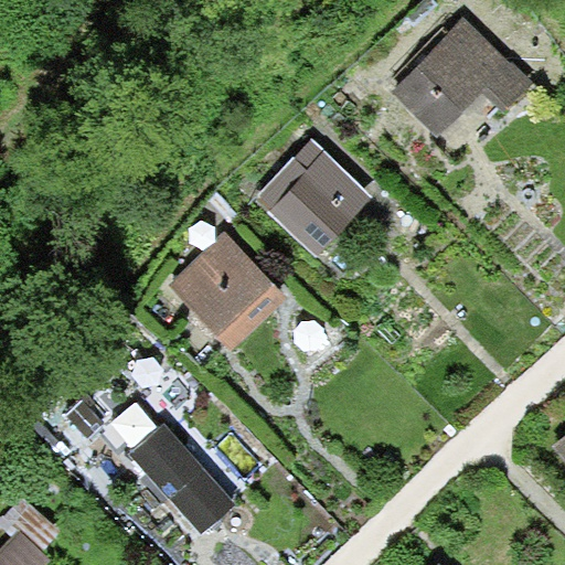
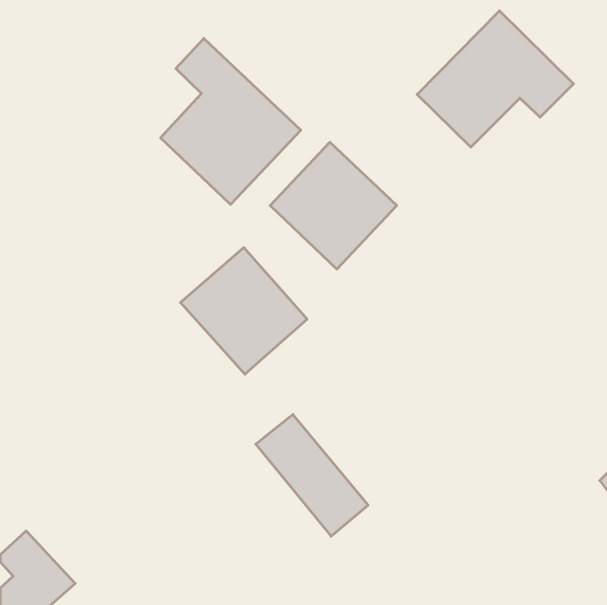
building: none -> [161,38,301,204]
building: [129,424,233,536] -> [256,414,368,536]

